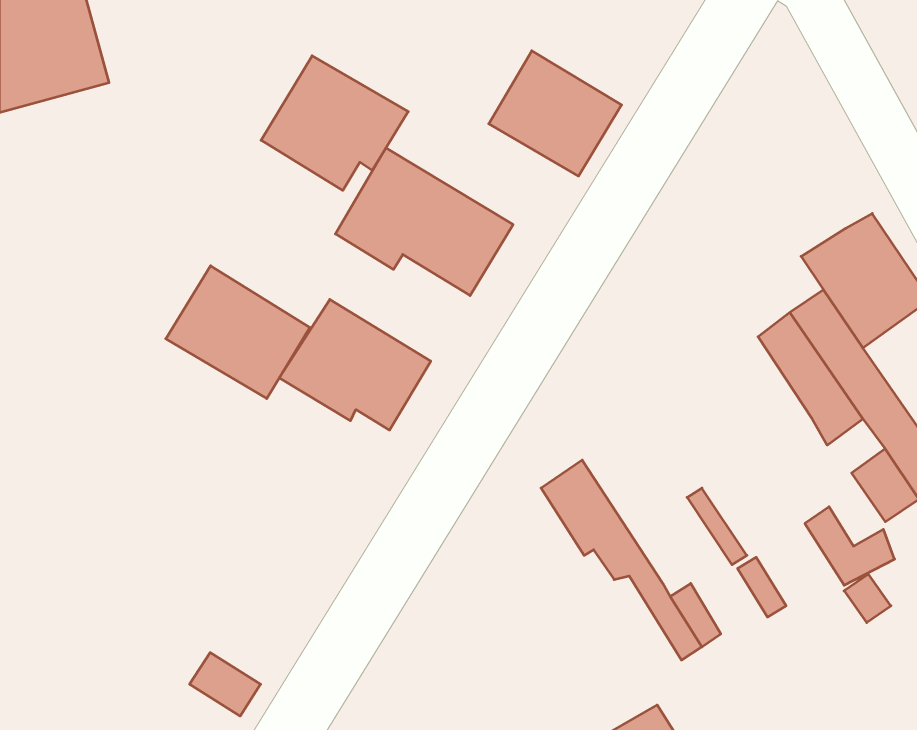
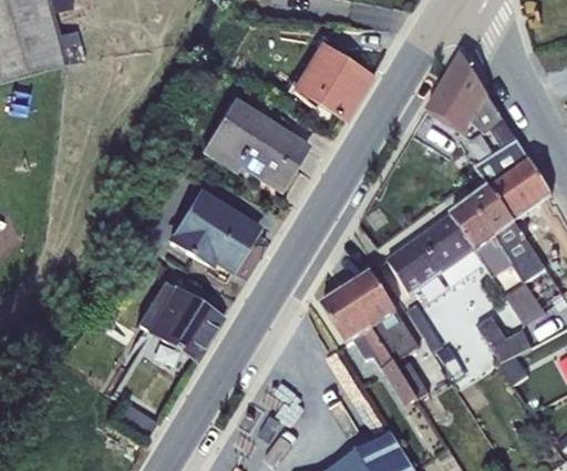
building: [261,56,408,190] -> none
building: none -> [426,51,517,149]
building: [166,266,310,399] -> [135,280,220,359]
building: none -> [386,213,482,293]
building: none -> [346,270,419,359]

